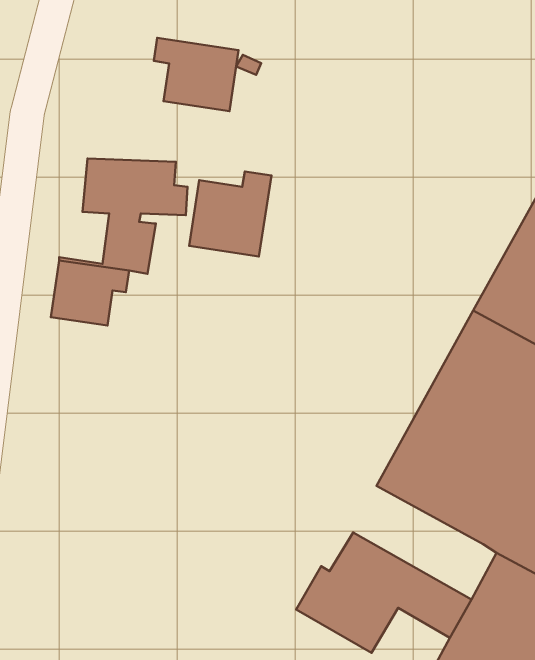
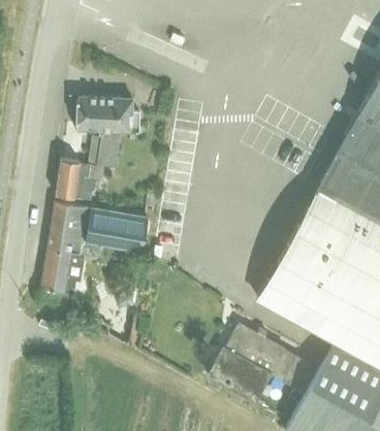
building: [154,38,239,111] -> none
building: [189,172,271,256] -> none
building: none -> [41,202,149,294]

